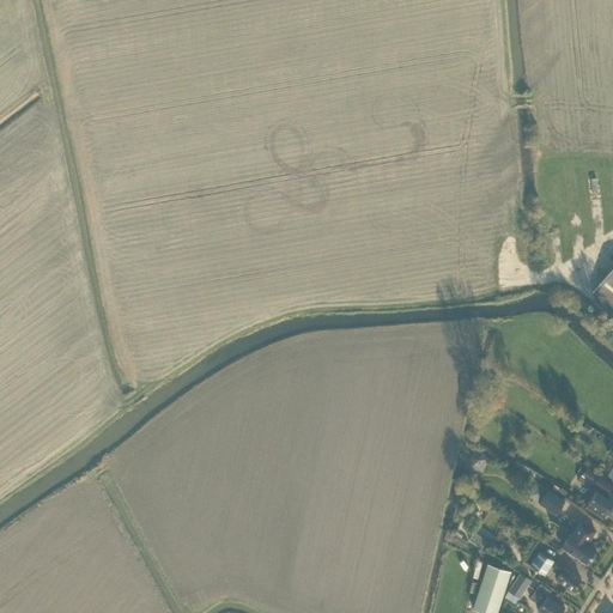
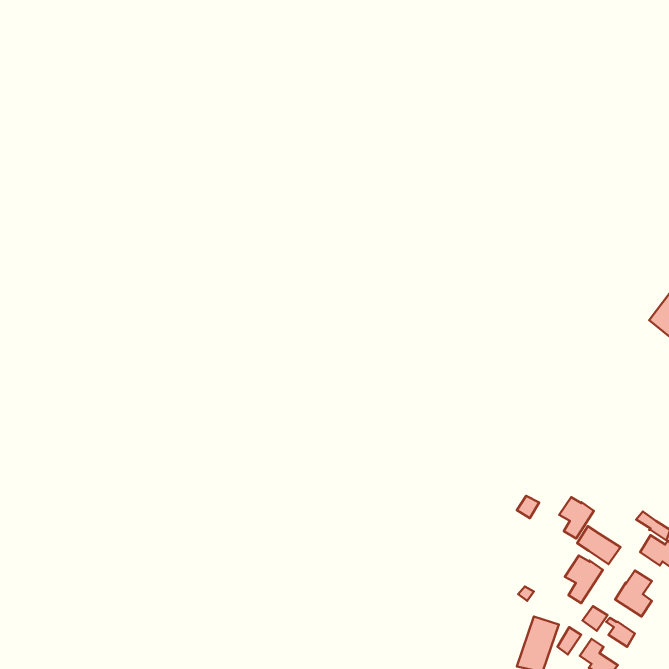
building: none -> [559,497,594,539]
building: none -> [565,556,603,603]

